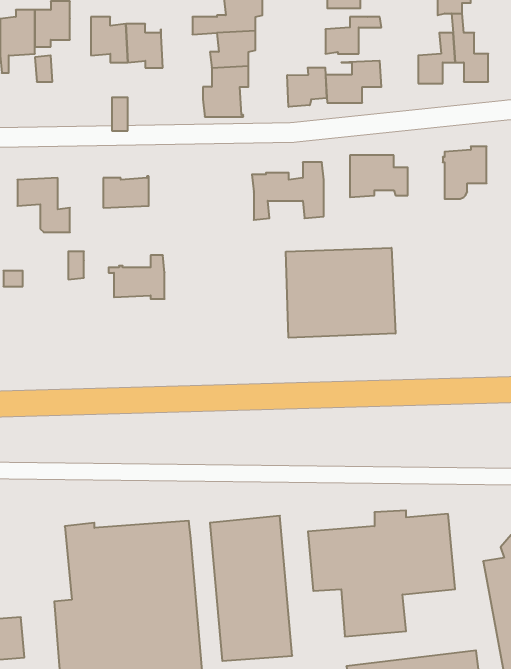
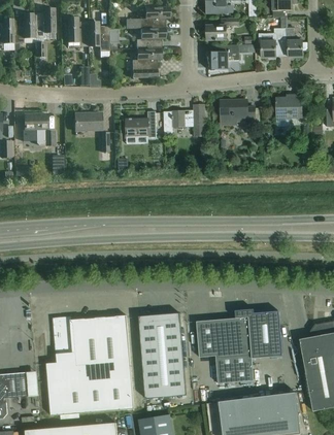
building: [287,68,326,107] -> none
building: [286,248,395,338] -> none
building: [109,255,165,299] -> [123,111,156,137]

